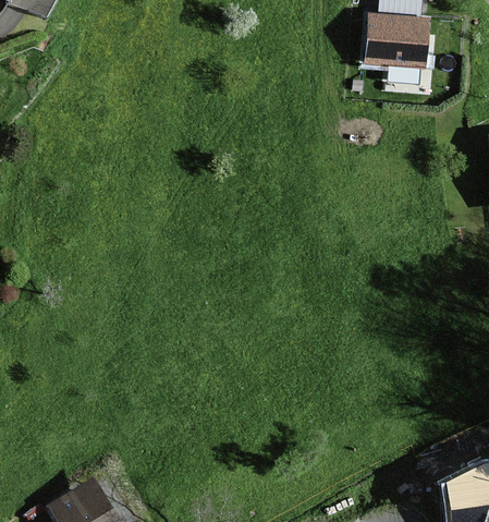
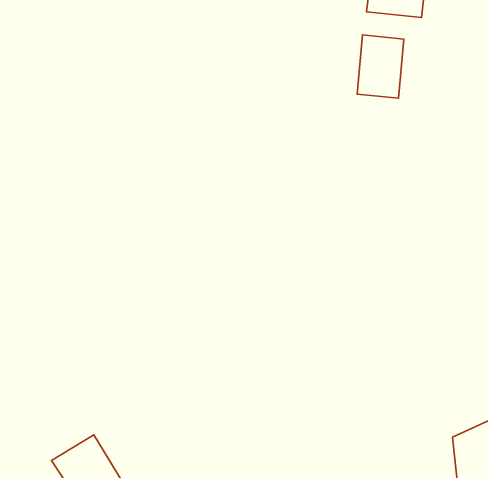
building: none -> [357,35,404,98]

